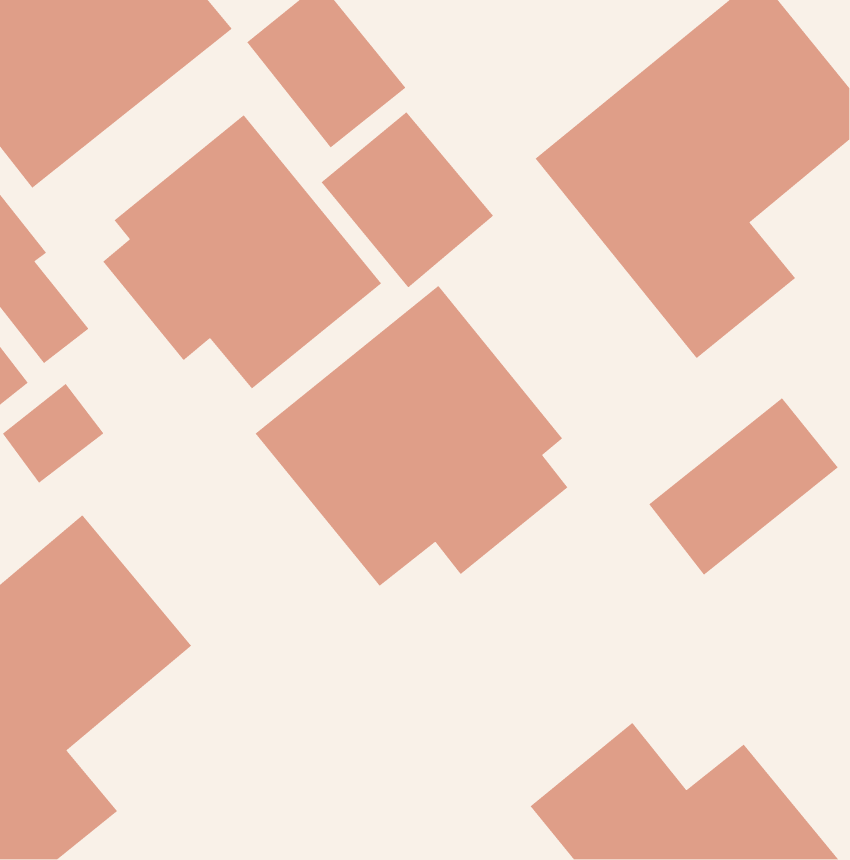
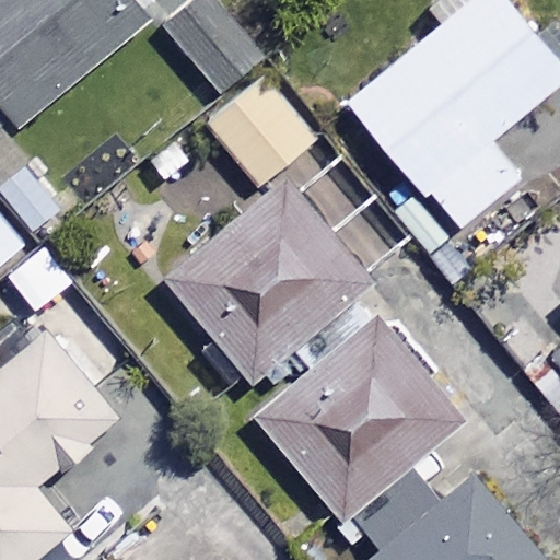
building: [102,114,382,389] -> none
building: [648,397,839,576] -> none
building: none -> [258,317,453,523]

